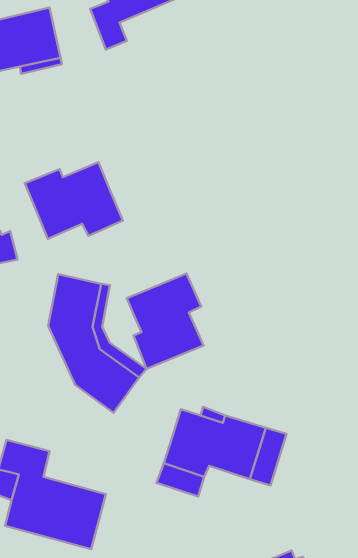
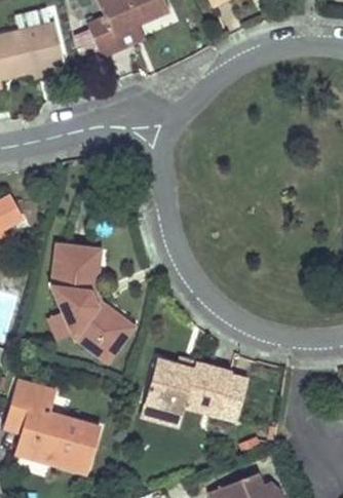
building: [25,162,123,239] -> none
building: [127,273,203,369] -> none

